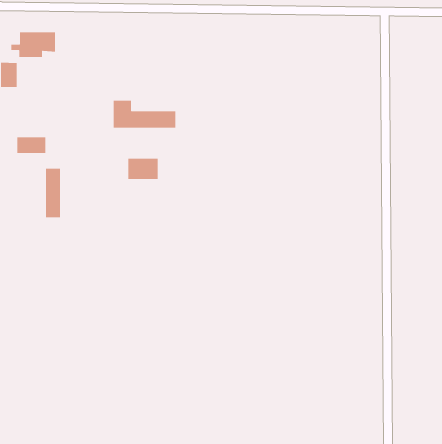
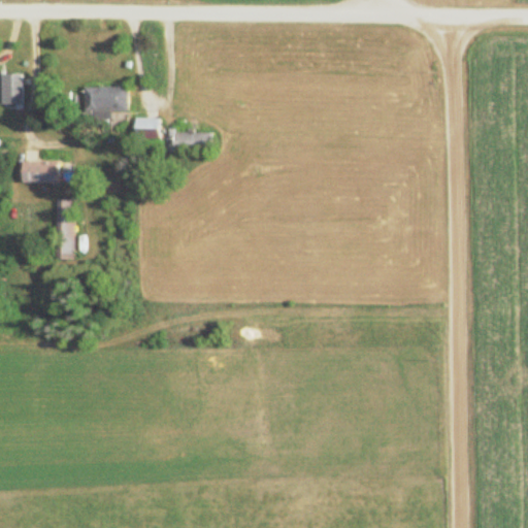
building: [11,32,56,58] -> [73,87,127,118]
building: [128,158,159,180] -> none

